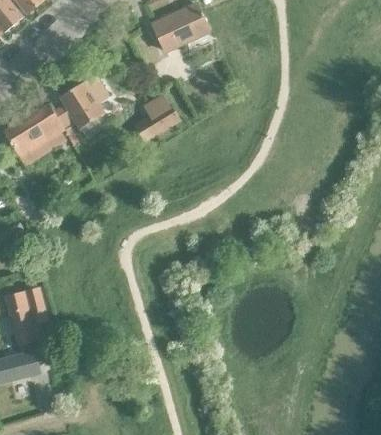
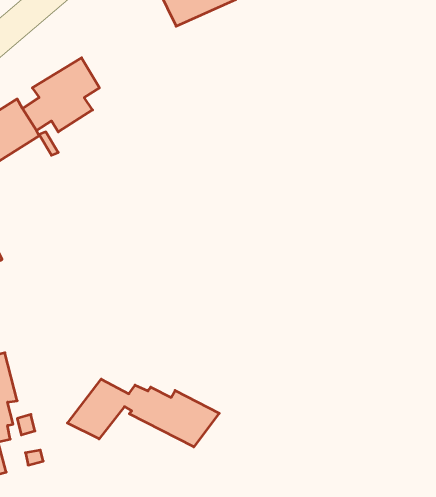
building: [135,93,179,139] -> none
building: none -> [67,379,219,447]

